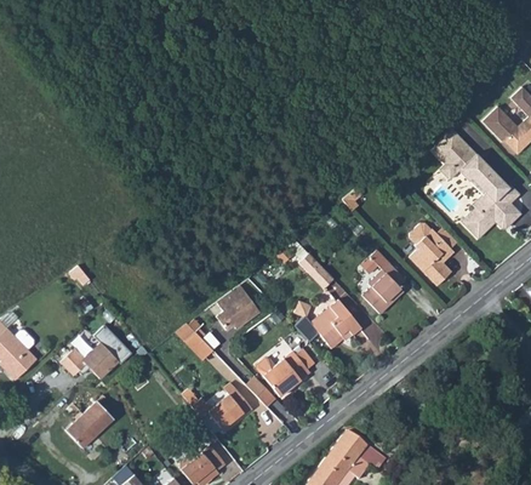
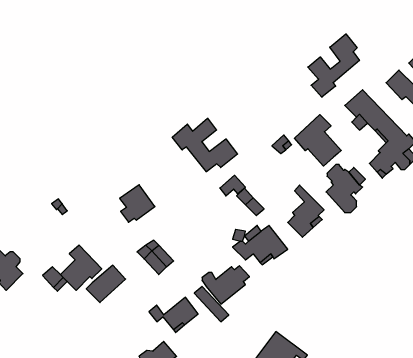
building: none -> [308,34,359,97]
building: none -> [294,115,341,166]
building: none -> [172,118,238,172]
building: [216,284,259,330] -> [120,185,155,222]
building: [64,400,113,446] -> [86,265,126,303]

